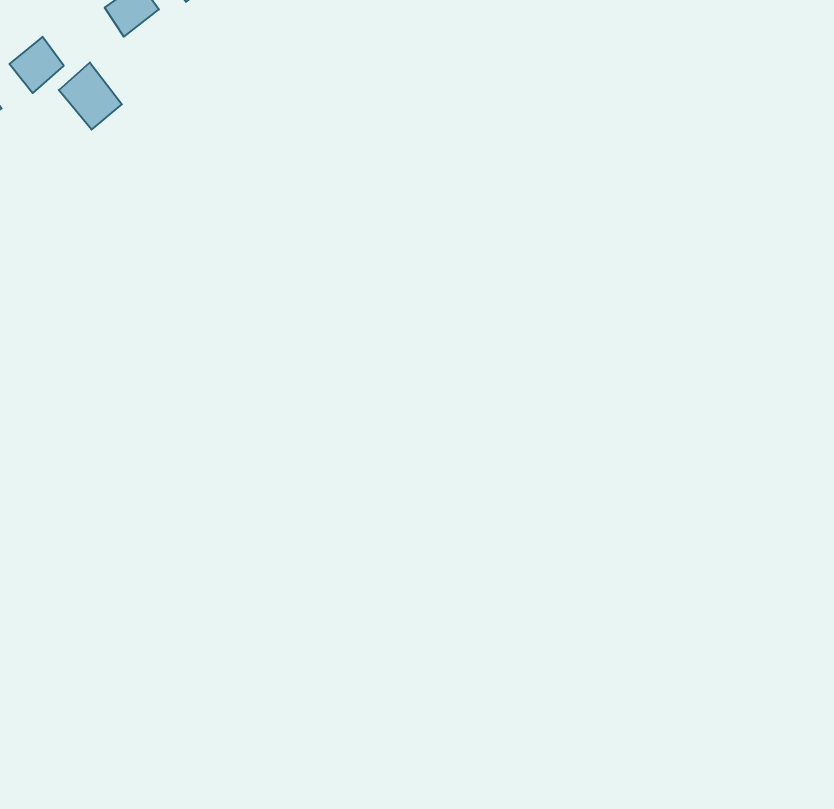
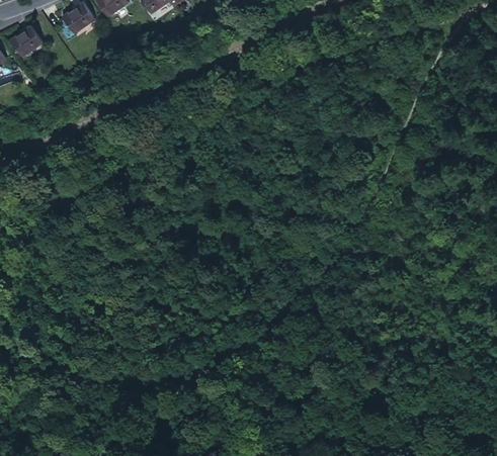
building: [59,62,122,130] -> none

